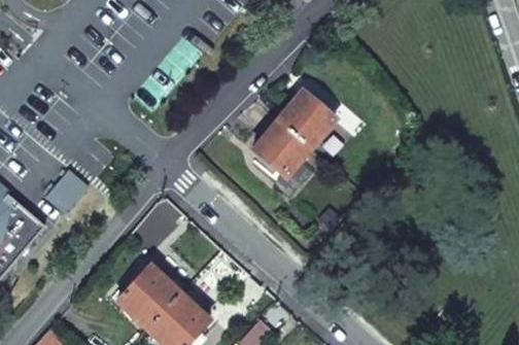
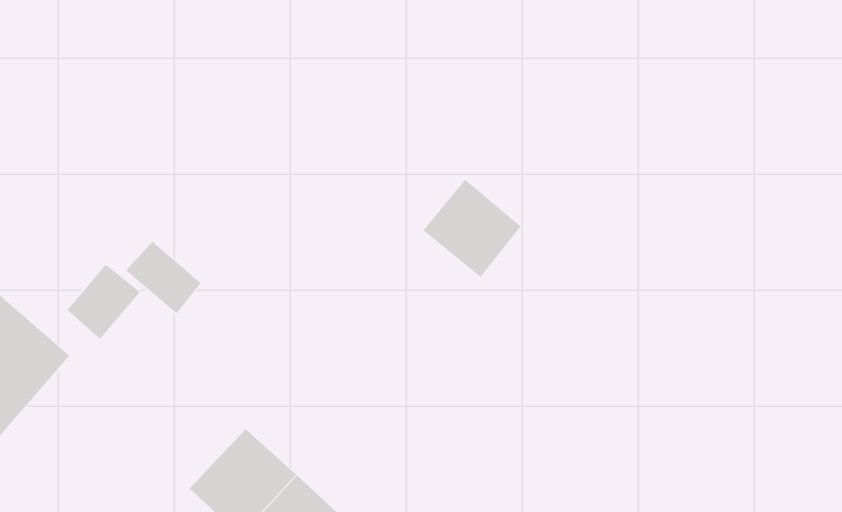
building: [277,92,335,148] -> none
building: none -> [125,241,202,314]

